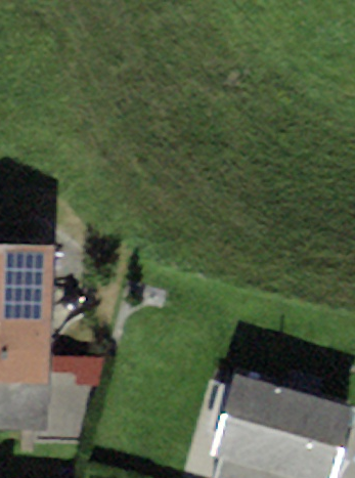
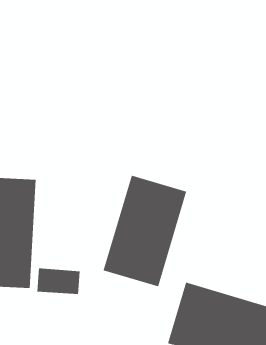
building: none -> [103,175,187,287]

